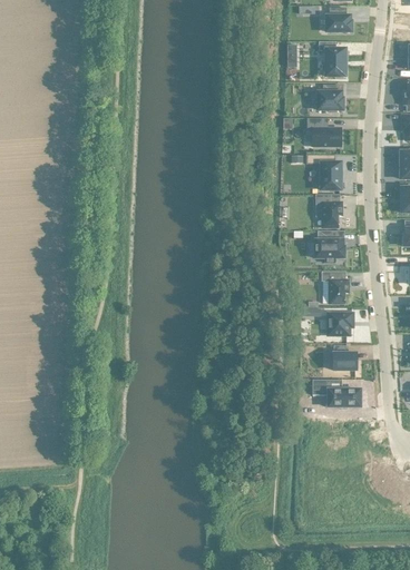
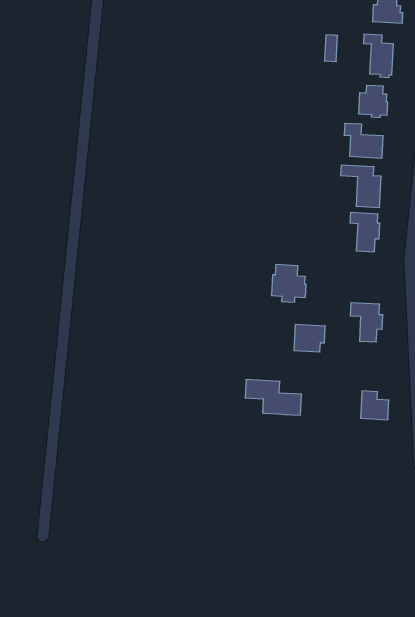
building: [315,230,344,262] -> [271,265,306,302]
building: [328,312,353,334] -> [294,324,325,352]
building: [313,379,361,406] -> [245,380,302,415]

